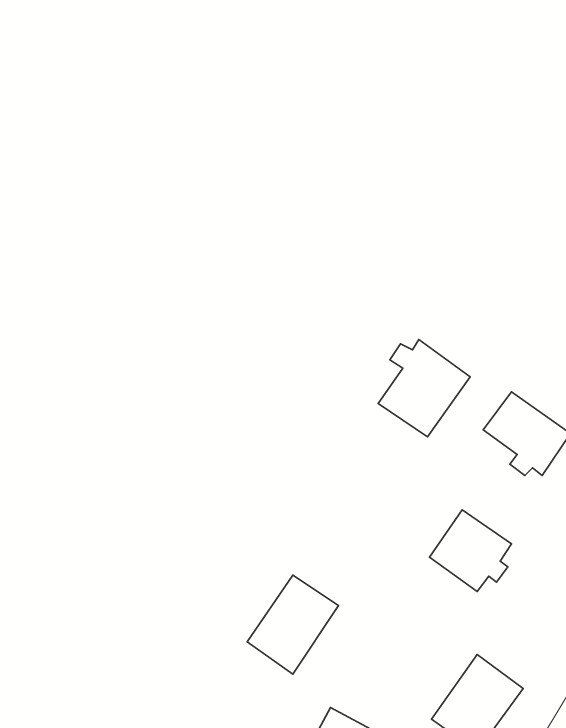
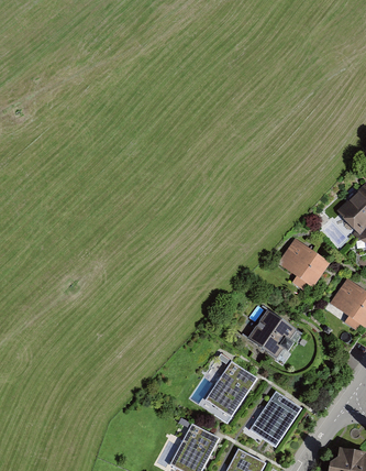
building: [378,339,470,437] -> none
building: [247,575,338,674] -> [204,359,257,416]

